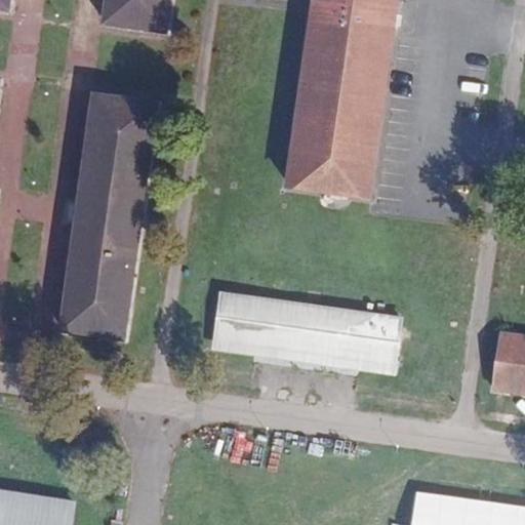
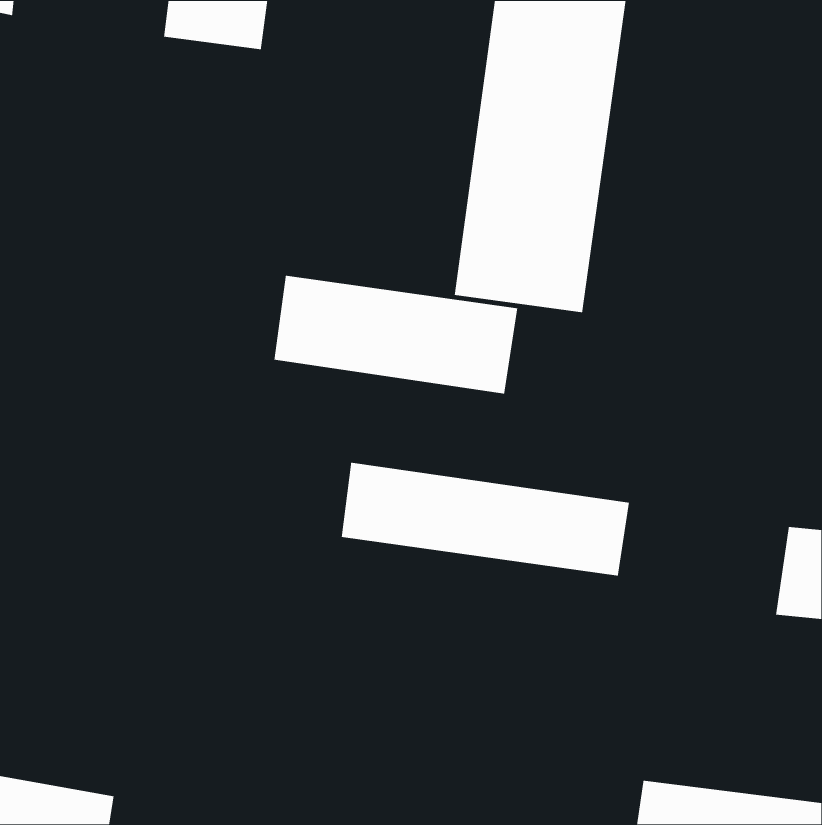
building: [56,98,149,339] -> none
building: none -> [274,275,518,394]

